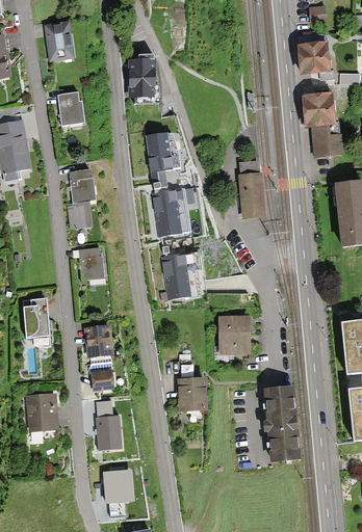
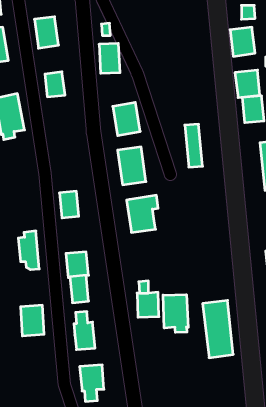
building: [64,169,92,227] -> none
building: [222,319,250,353] -> none
building: none -> [163,295,188,332]

